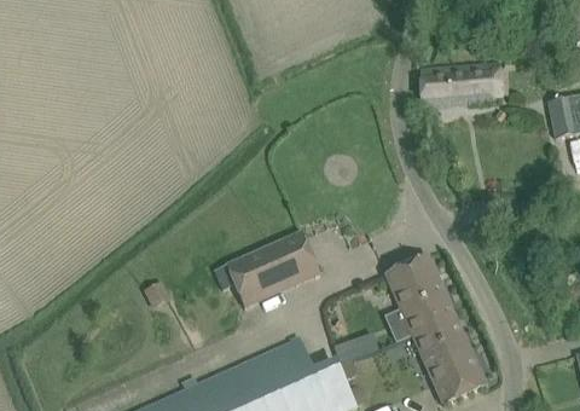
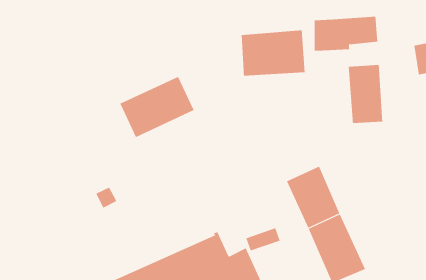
building: none -> [241,30,305,77]
building: none -> [348,64,383,124]
building: [225,228,320,307] -> [120,76,195,138]

